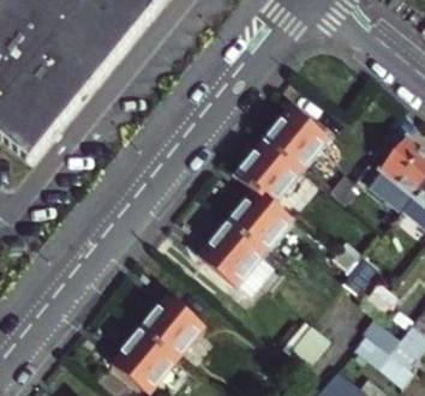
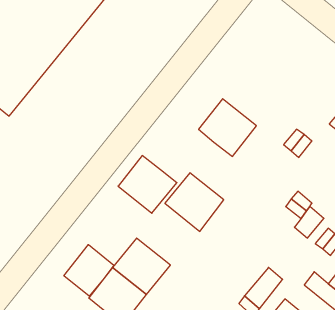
building: [262,107,325,169] -> none
building: [226,187,291,251] -> [118,156,177,213]
building: none -> [64,245,114,296]

